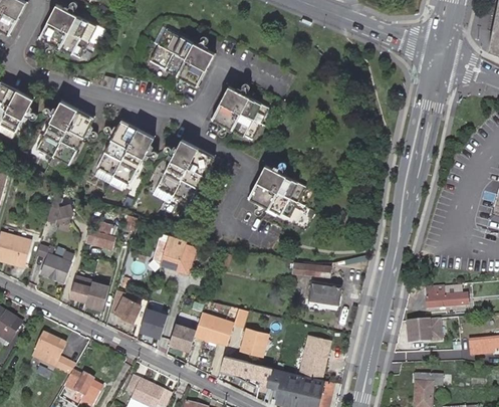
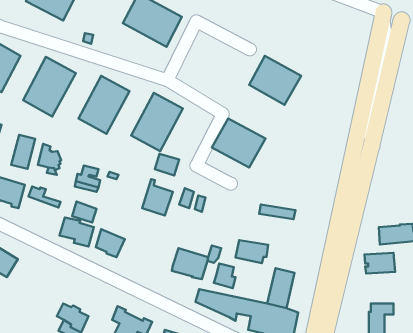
building: [205,87,262,142] -> [249,56,301,105]
building: none -> [11,135,35,169]
building: none -> [155,154,179,175]
building: [43,257,70,280] -> [72,201,97,222]
building: [307,281,343,307] -> [235,240,268,263]
building: [143,310,171,338] -> none
building: [171,324,197,352] -> none
building: [34,334,75,375] -> none

